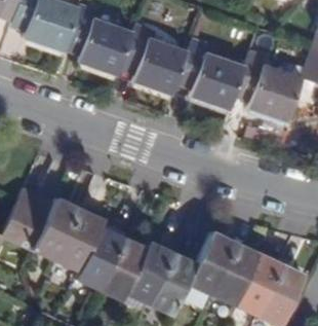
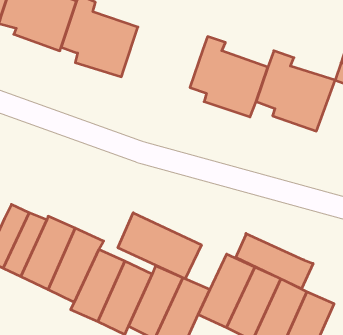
building: [120,24,189,95] -> none
building: none -> [118,213,201,279]
building: none -> [236,233,313,289]

